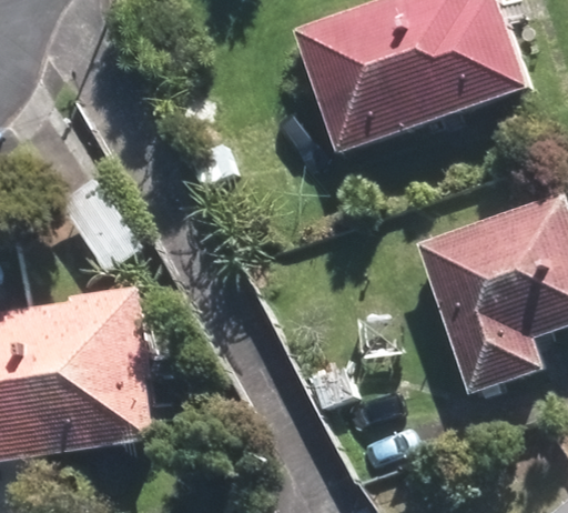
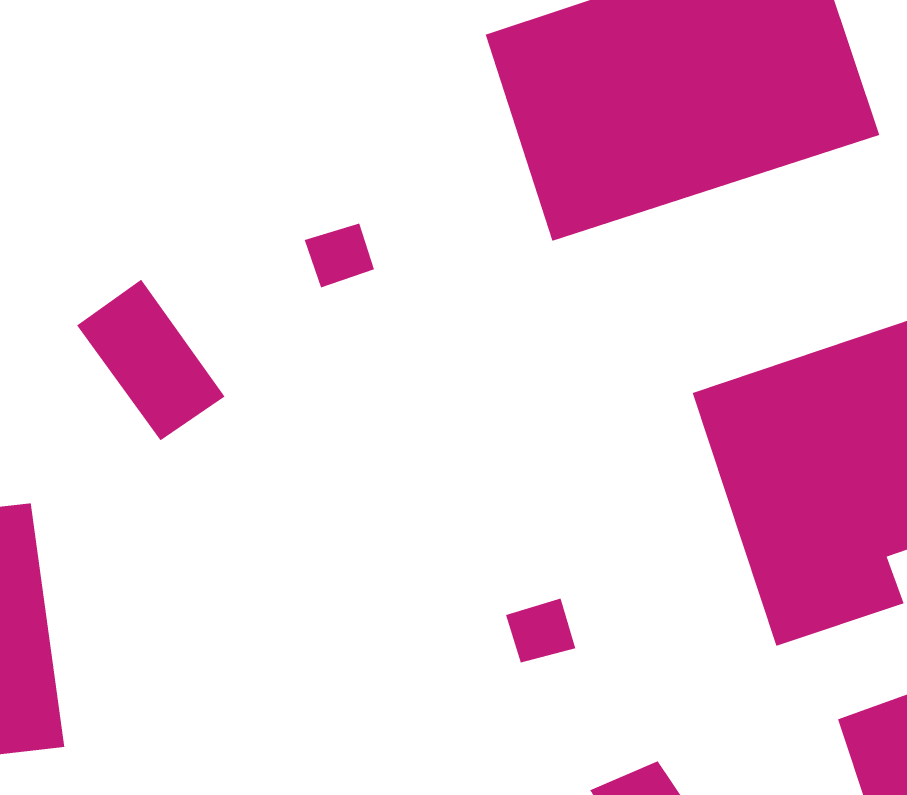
building: [24,283,158,453] -> none

